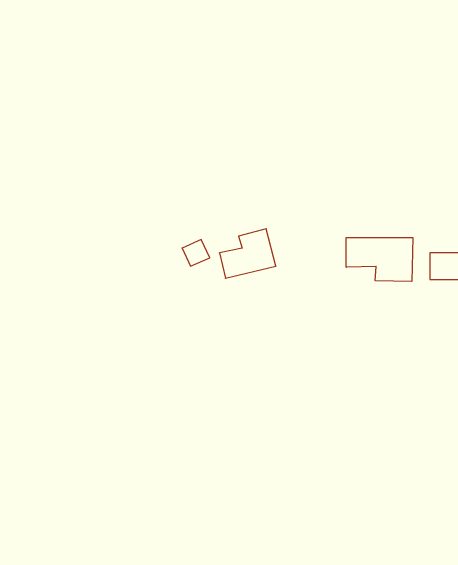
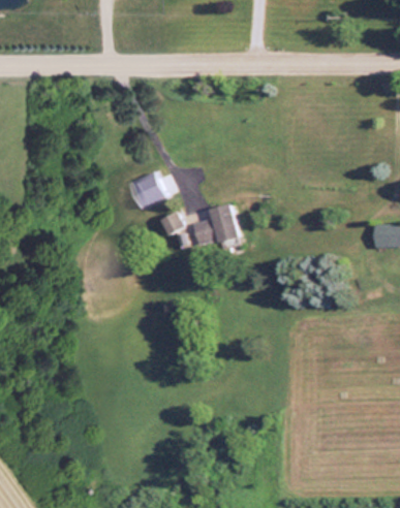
building: none -> [133,176,163,201]
building: [346,238,413,281] -> none

